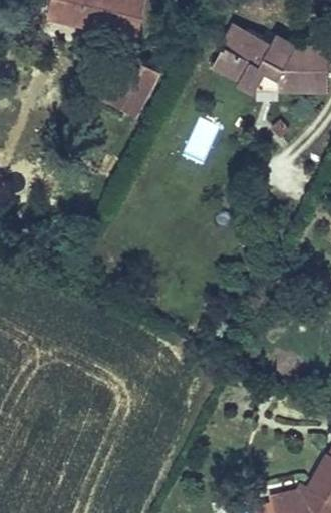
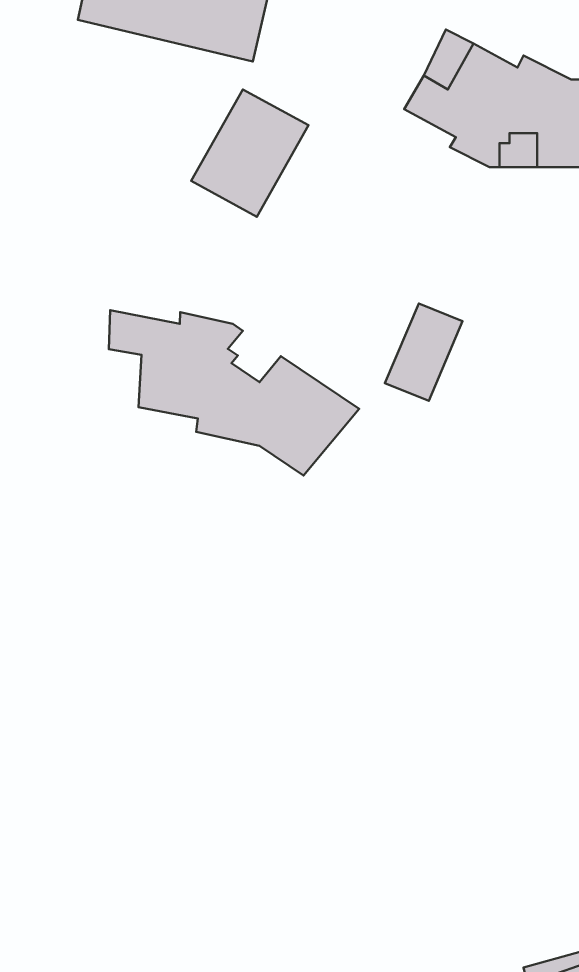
building: [181,117,220,166] -> [385,303,463,401]
building: none -> [109,310,359,475]

